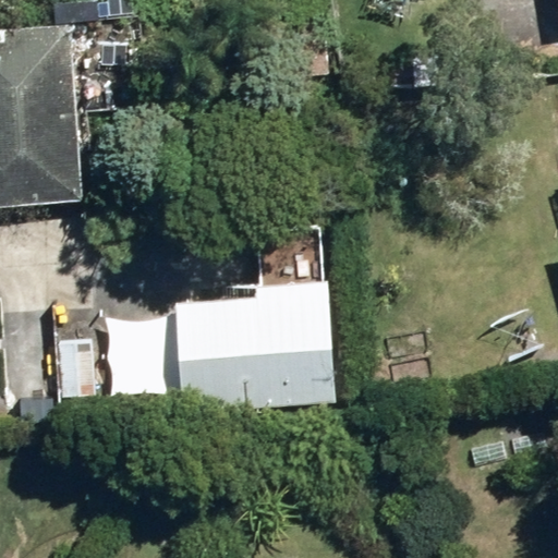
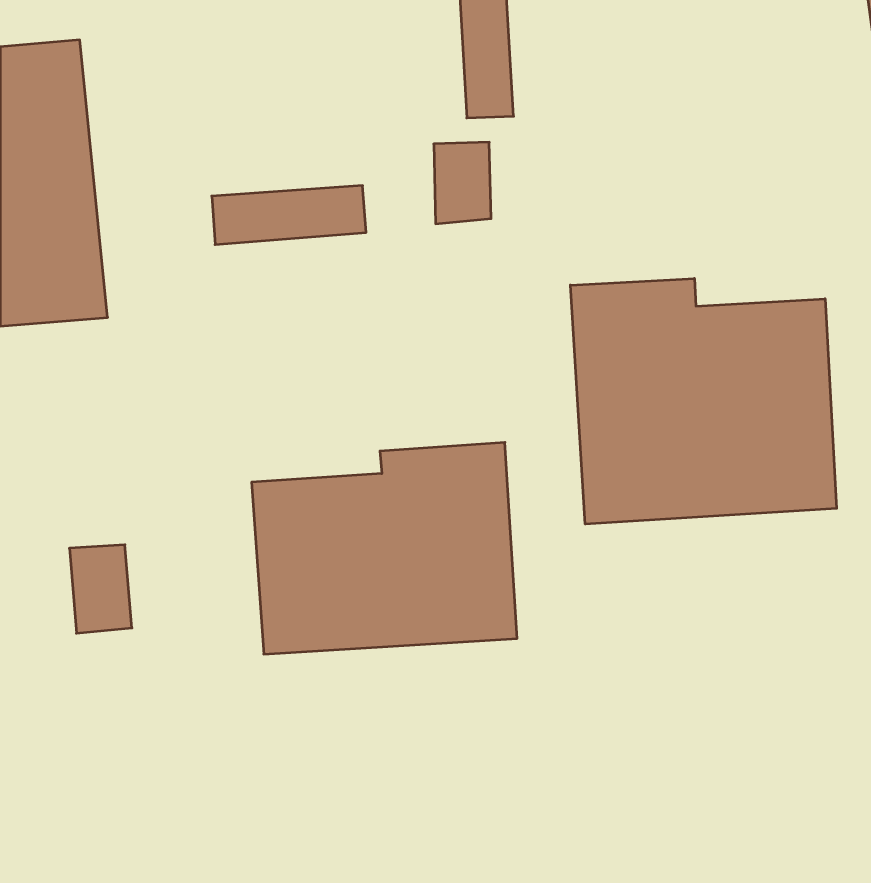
building: none -> [570,278,837,524]

